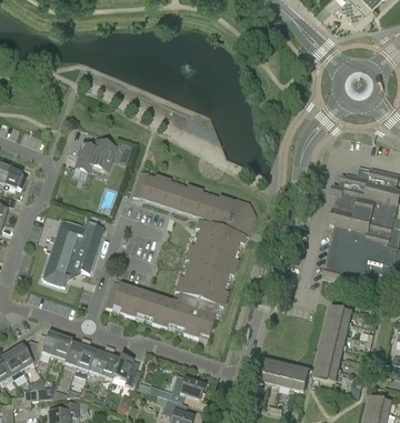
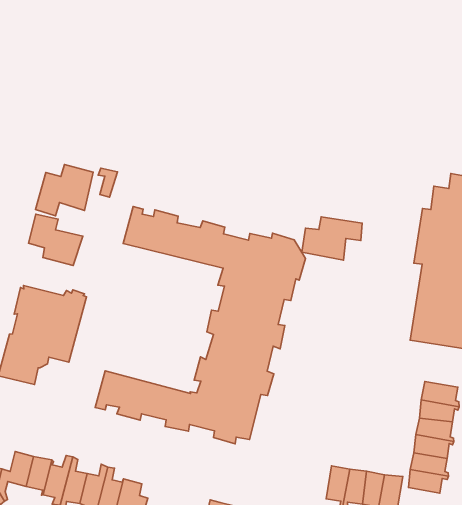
building: none -> [29,214,83,266]
building: none -> [302,217,362,260]

